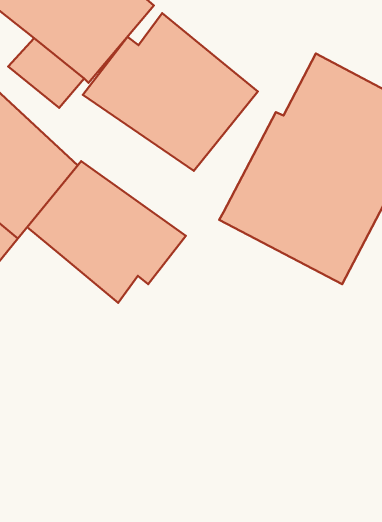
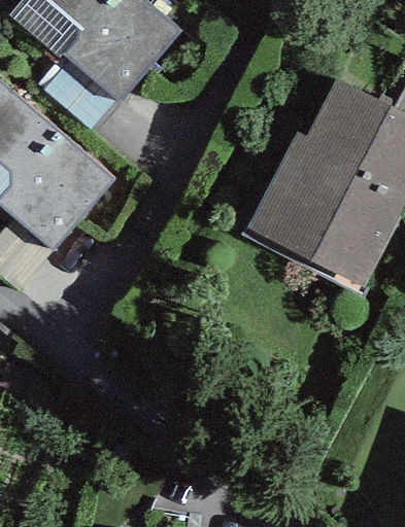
building: [83,13,258,171] -> none
building: [27,161,186,303] -> none

